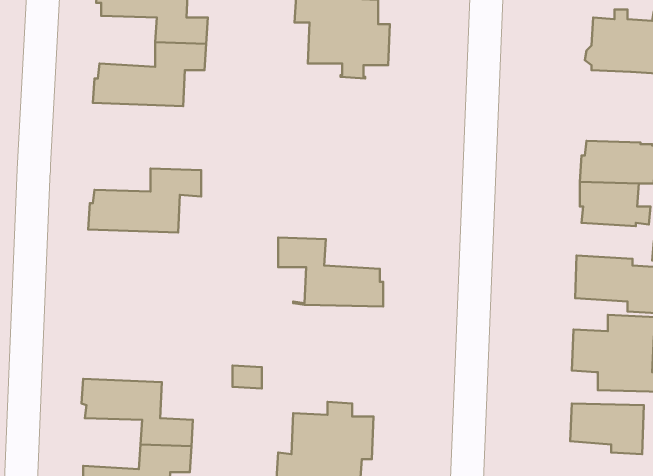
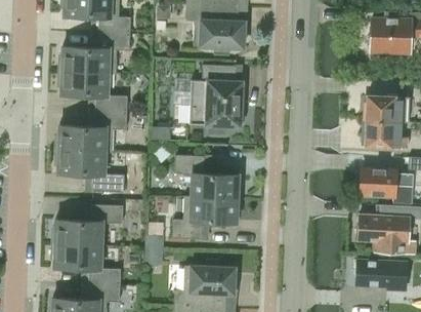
building: none -> [188,66,243,134]
building: none -> [57,72,127,114]
building: none -> [55,151,124,193]
building: none -> [171,197,240,239]
building: none -> [52,205,123,246]

